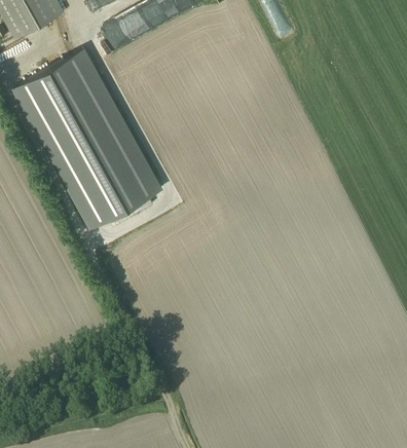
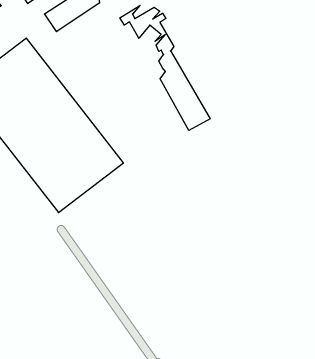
building: none -> [120,5,210,130]

